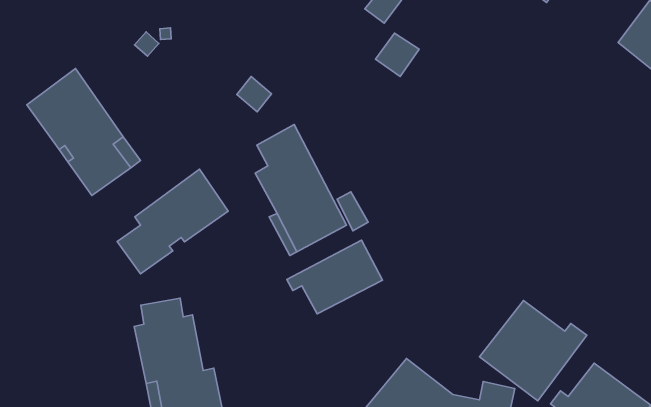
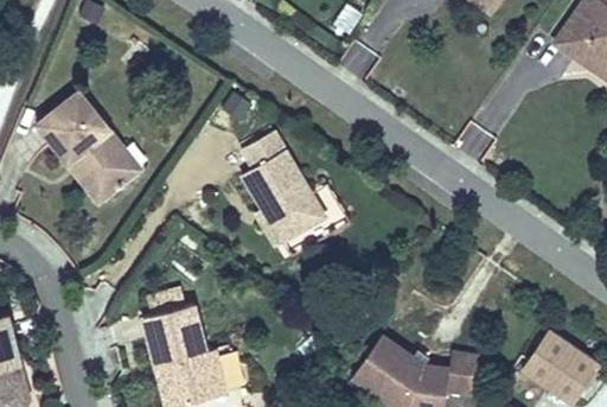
building: [117,169,228,274] -> none
building: [287,240,383,314] -> none
building: [480,300,587,401] -> none

